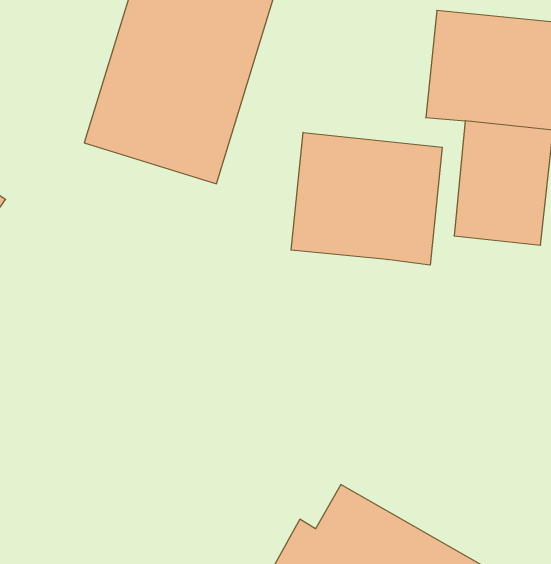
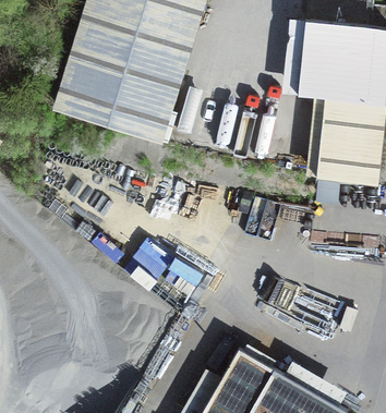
building: [291,132,442,265] -> none

